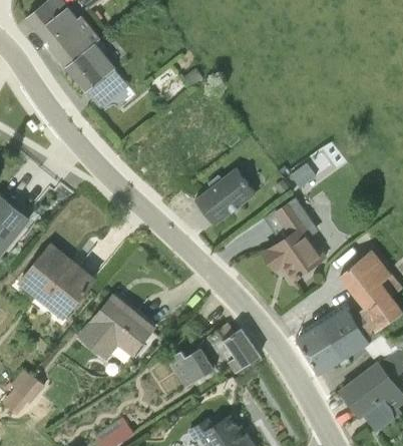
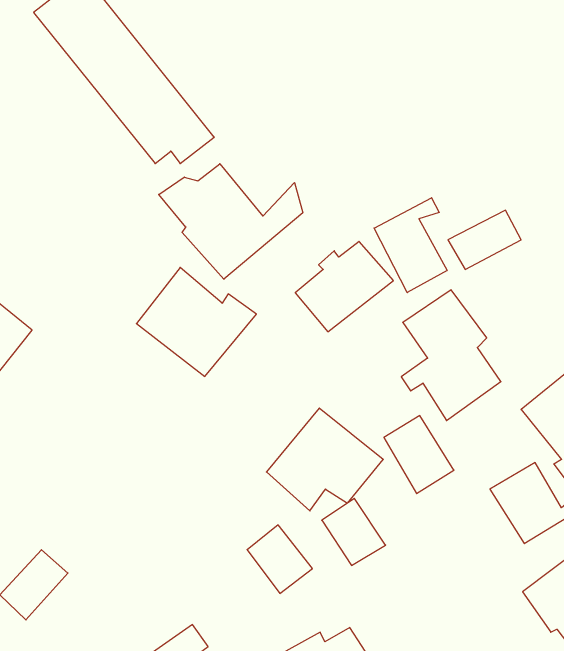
building: none -> [159,164,303,279]
building: none -> [374,198,447,293]
building: [18,249,95,319] -> [136,267,256,376]
building: [79,295,154,361] -> [266,408,383,511]
building: [297,326,342,376] -> [384,416,454,494]

